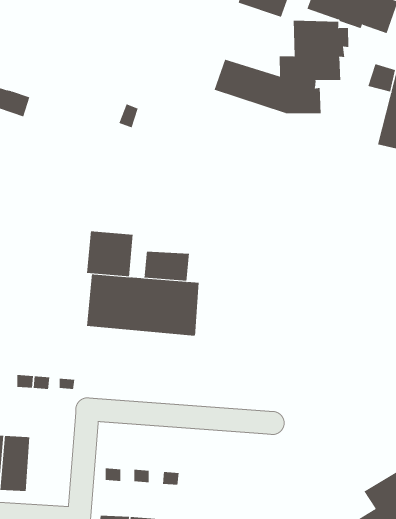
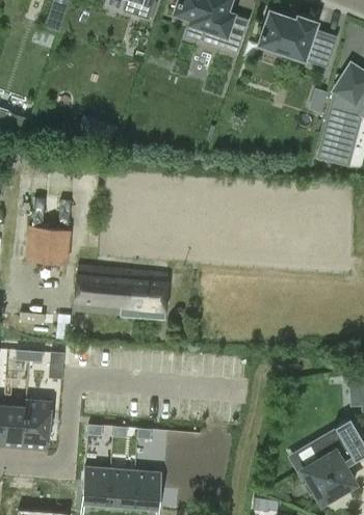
building: [214,20,349,114] -> none
building: [86,231,134,277] -> [29,226,69,265]
building: [144,251,190,282] -> none
building: none -> [24,400,51,450]

